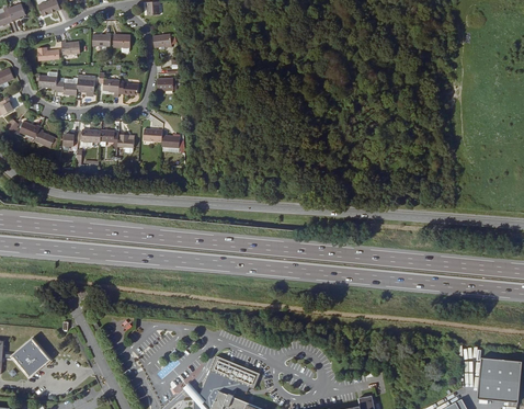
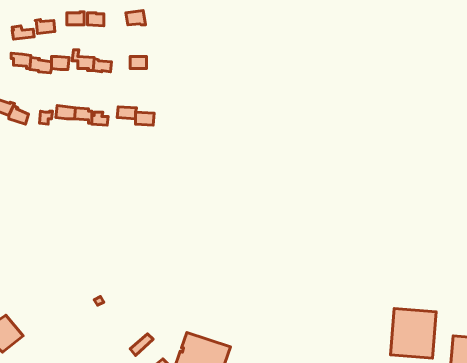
building: none -> [390,309,436,358]

